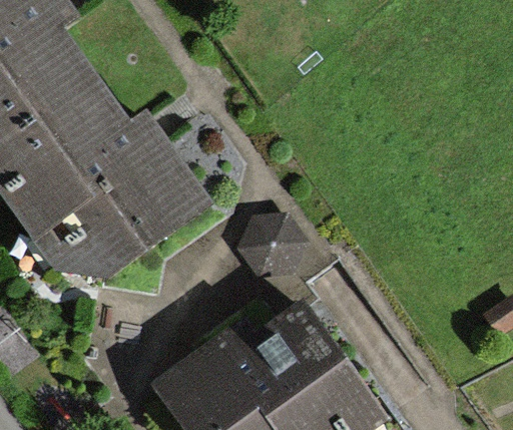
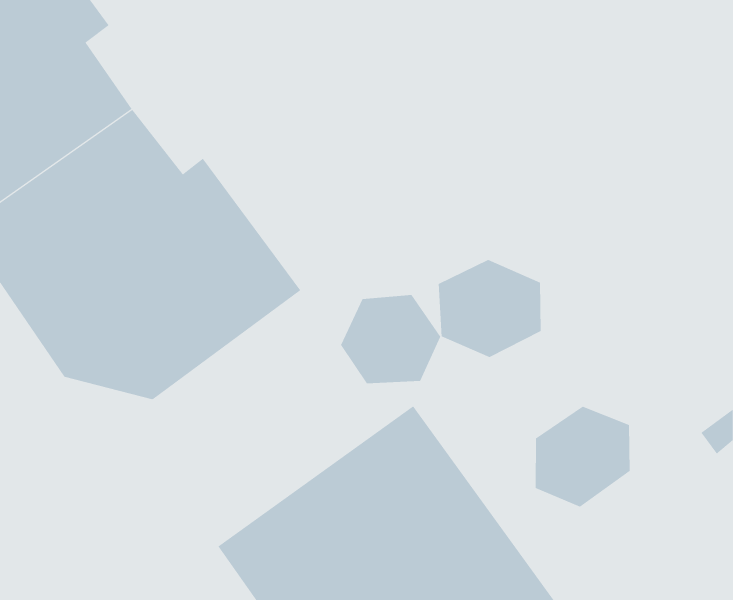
building: none -> [438,259,541,358]
building: none -> [535,406,630,507]

